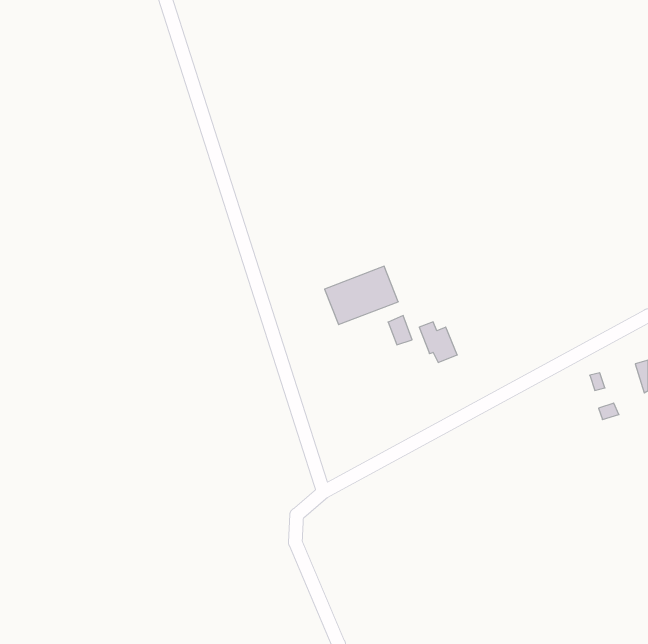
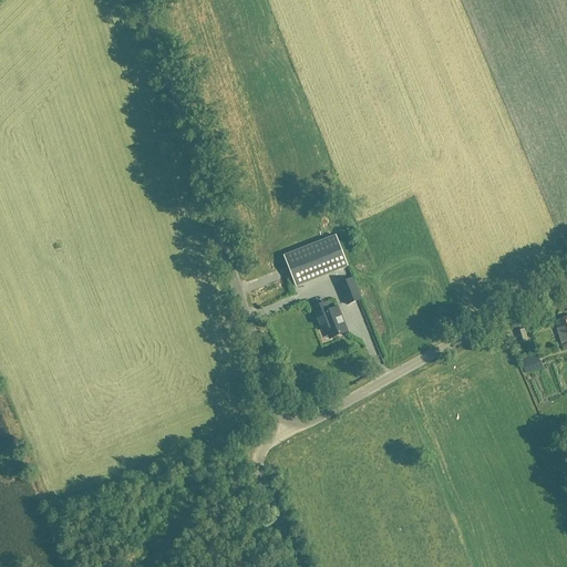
building: [419,322,457,362] -> [313,300,347,336]

